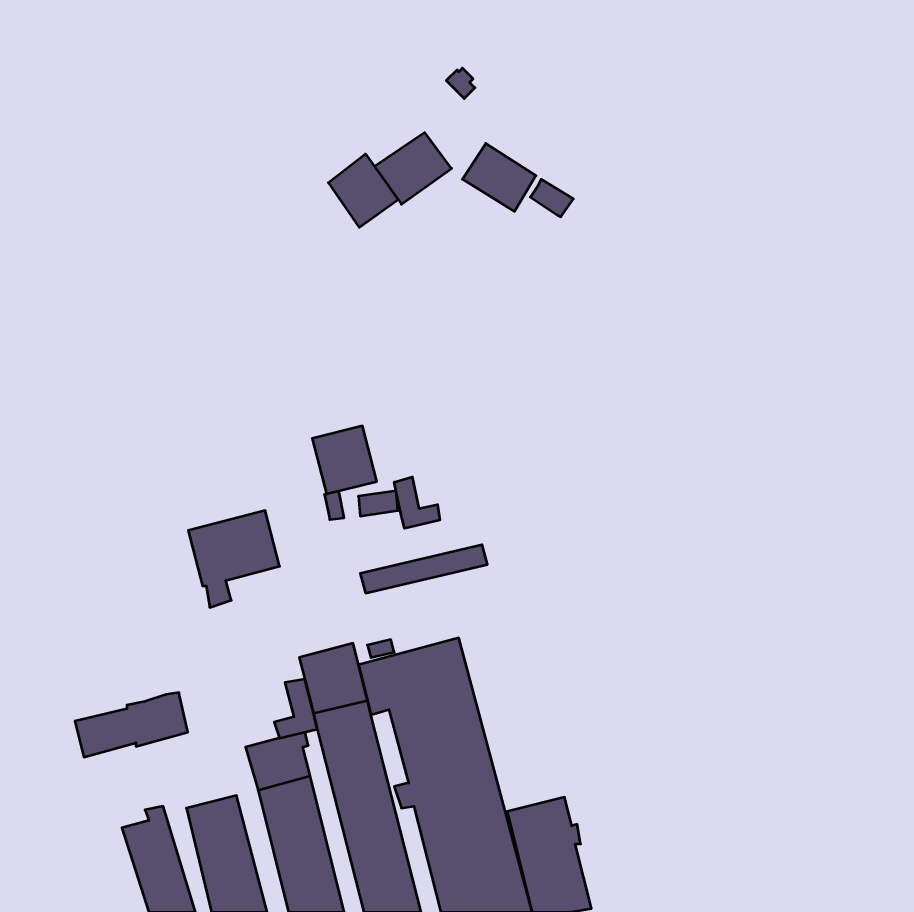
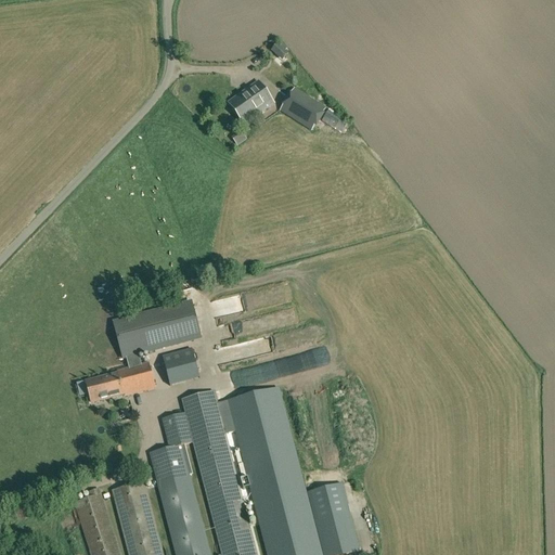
building: [328,154,398,227] -> none
building: [312,426,377,494] -> [160,301,199,343]
building: [394,477,440,528] -> none
building: none -> [162,347,199,385]
building: [75,693,188,757] -> [85,362,153,401]

